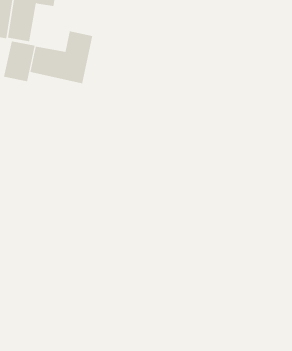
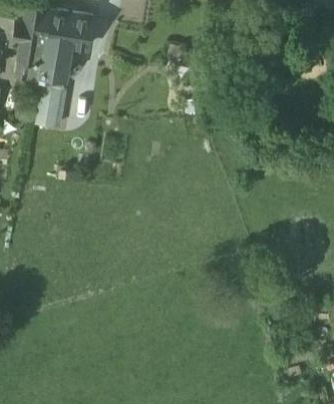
building: [30,30,93,84] -> none

